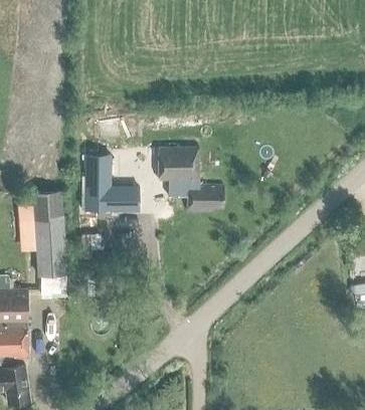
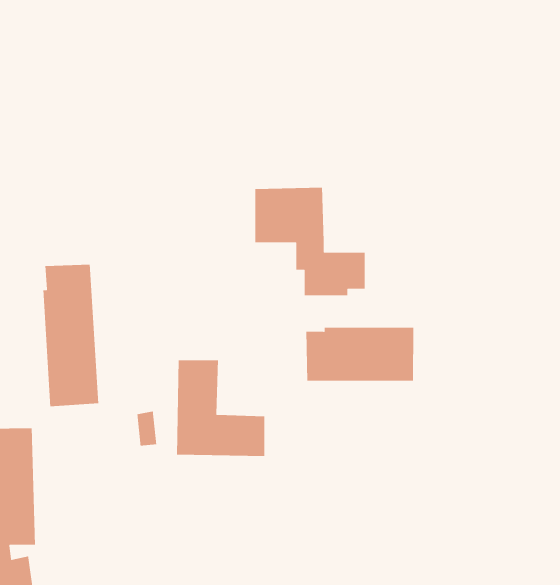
building: [87,155,140,212] -> [176,360,265,457]
building: none -> [306,327,414,382]

